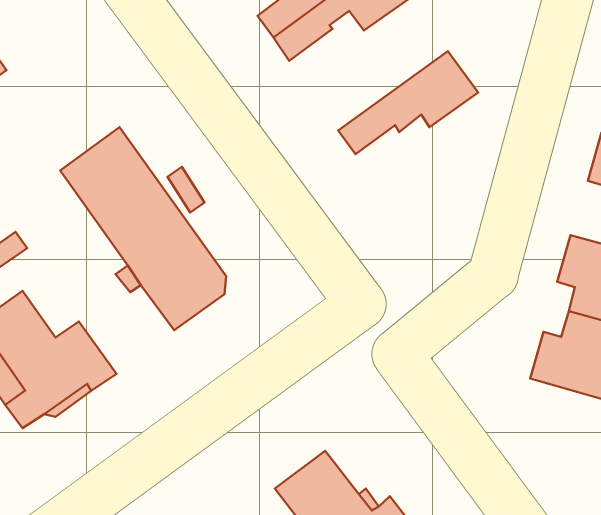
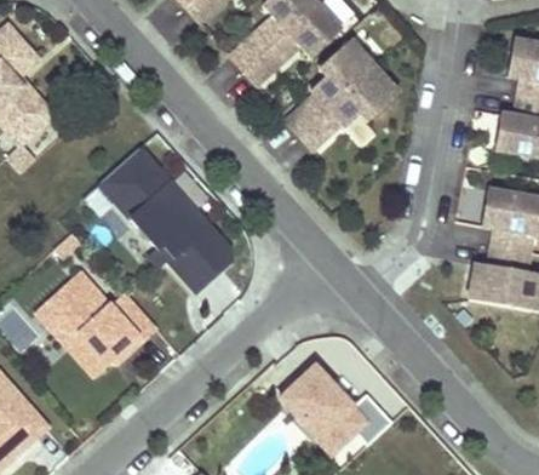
building: none -> [287,36,374,130]

